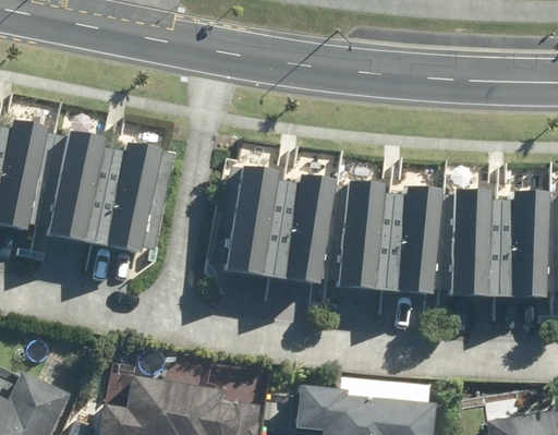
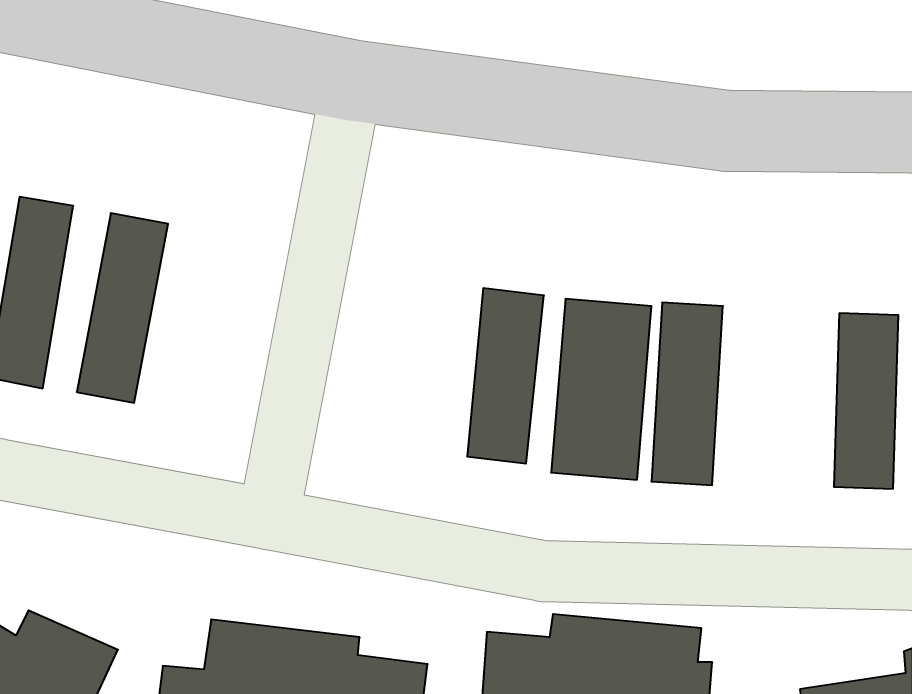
building: [107,143,161,256] -> none
building: [227,168,291,278] -> none
building: [448,190,505,301] -> none

